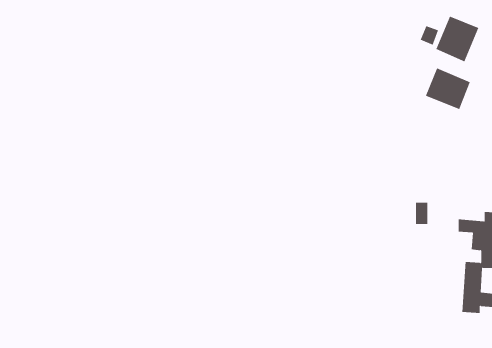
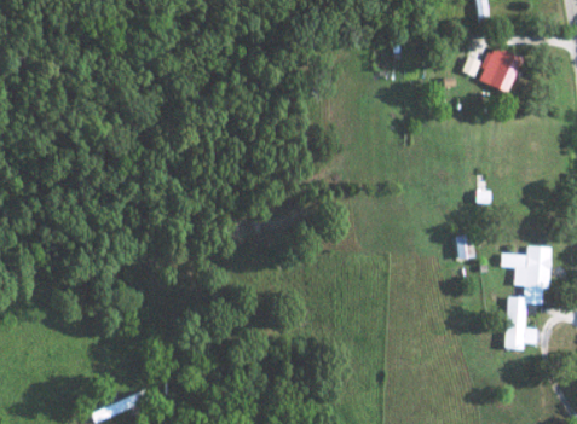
building: [425,68,471,110] -> none

